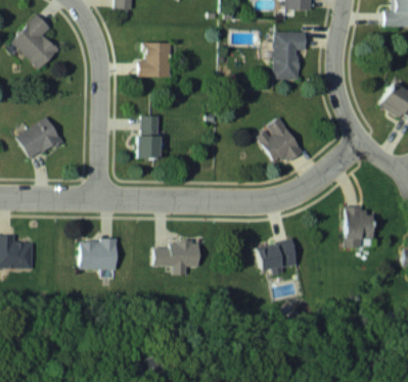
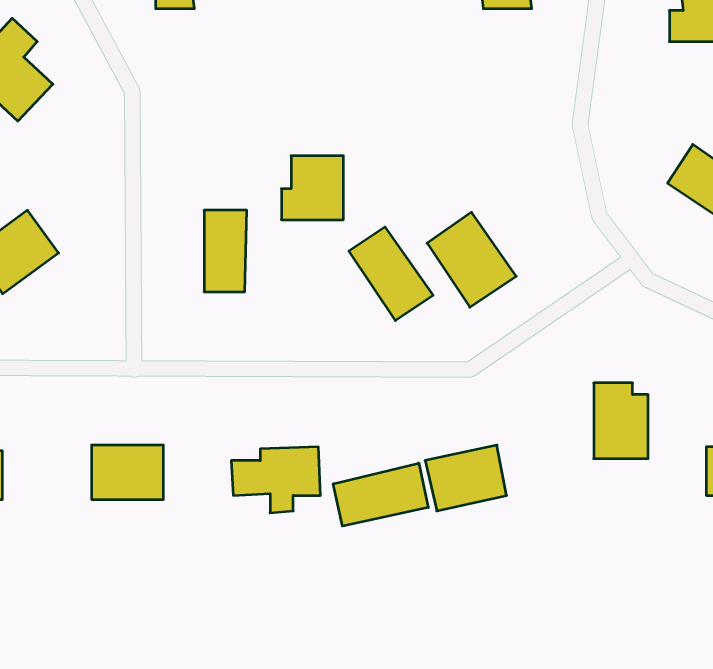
building: [274,32,306,78] -> none
building: [138,42,171,76] -> [281,156,343,220]
building: none -> [349,227,433,321]
building: none -> [333,463,428,526]

